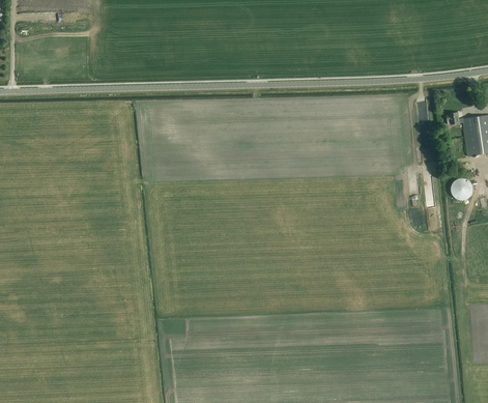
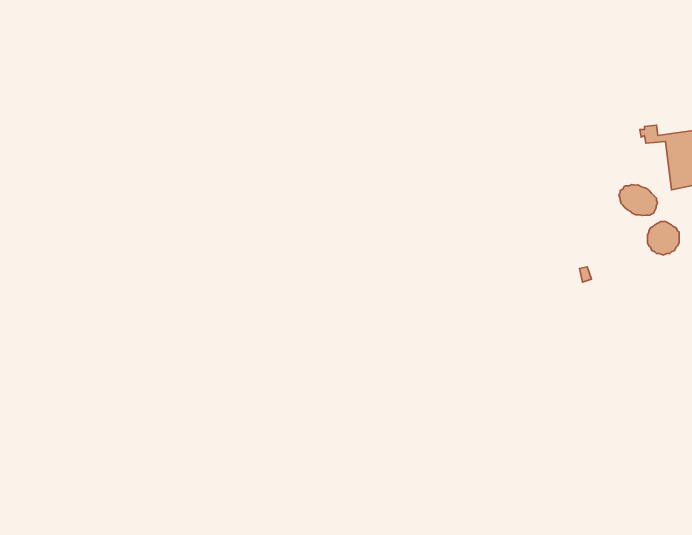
building: none -> [619,184,658,215]

